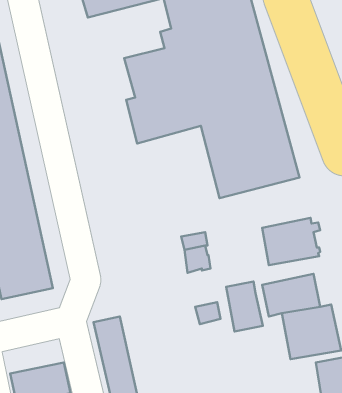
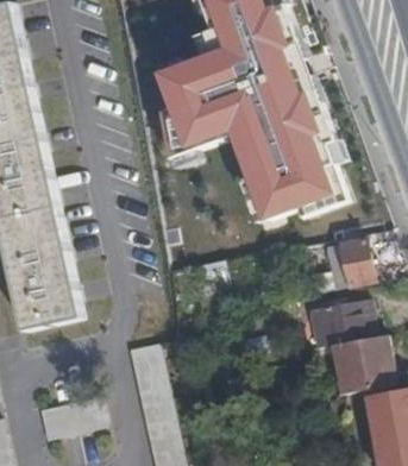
building: [226,281,263,331] -> none

